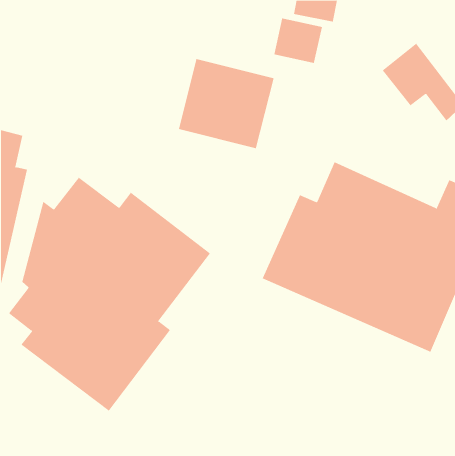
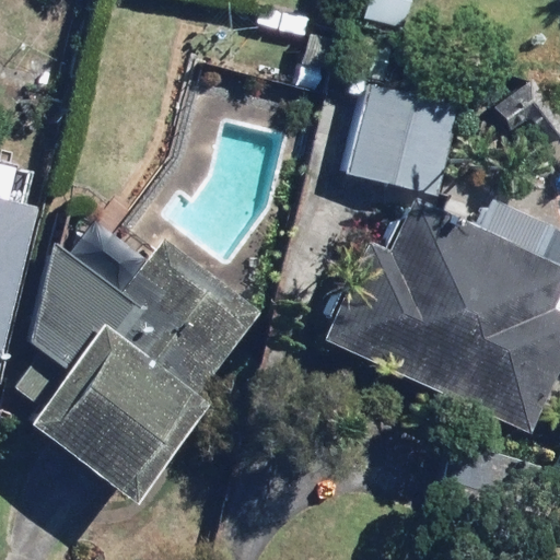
building: [178,59,275,149] -> [343,84,462,195]

